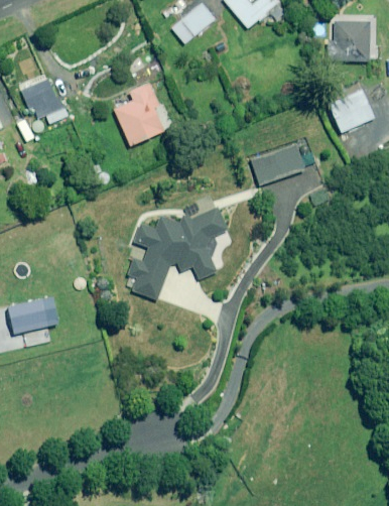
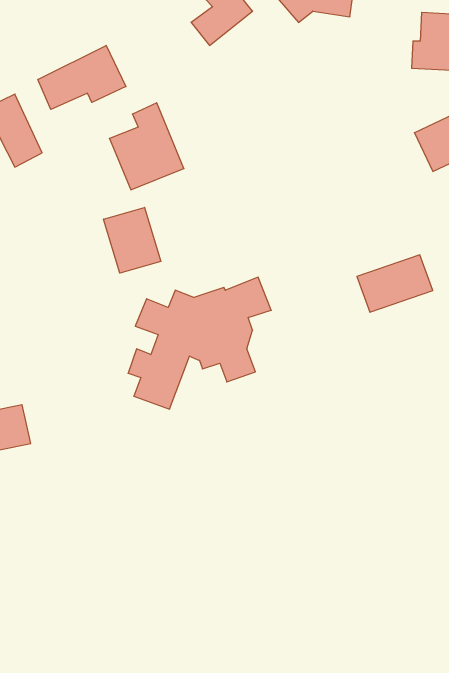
building: none -> [38,45,126,109]
building: [251,144,304,184] -> [357,255,433,312]
building: none -> [104,207,161,273]

